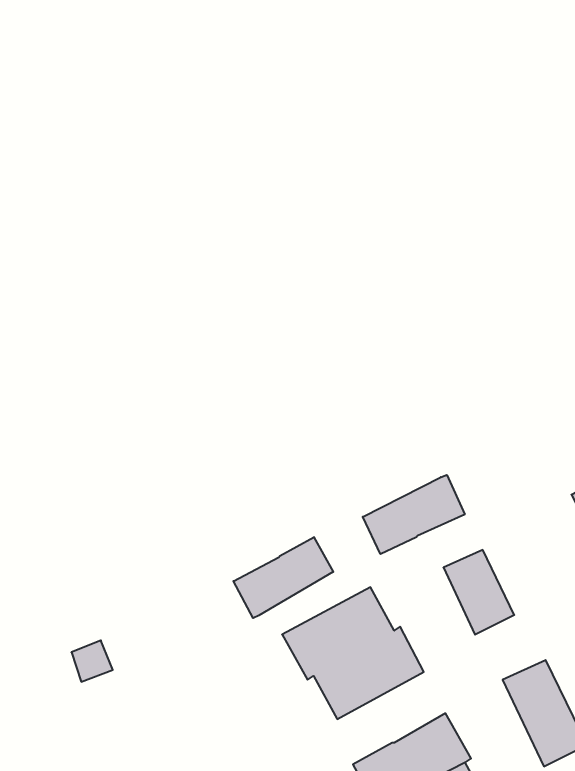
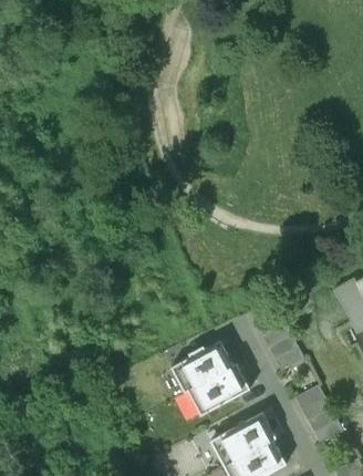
building: [363,475,465,554] -> none
building: [233,537,333,618] -> none

